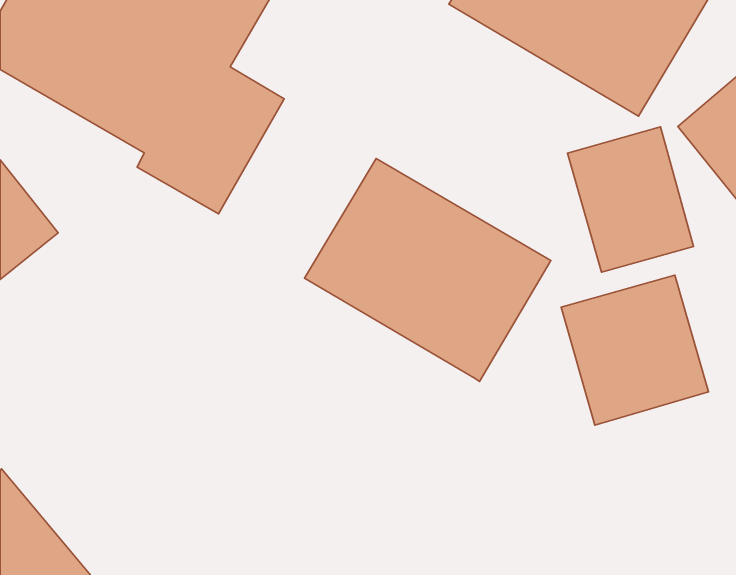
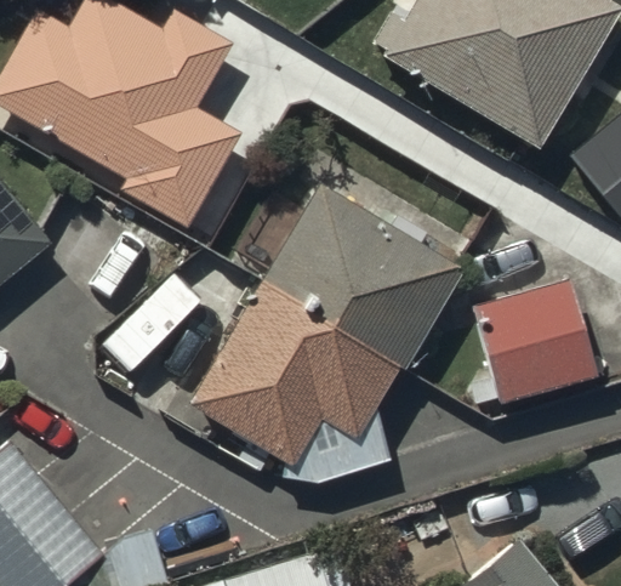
building: [568,127,693,272] -> none
building: none -> [189,283,403,466]

